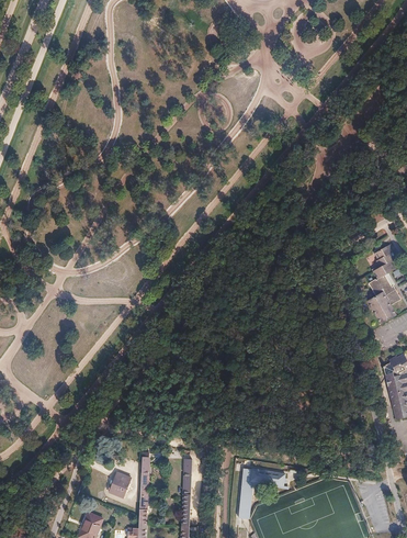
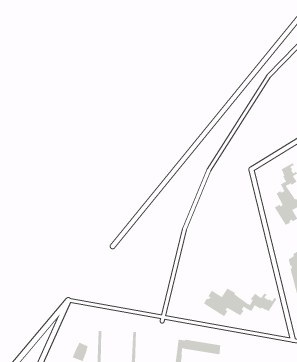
building: none -> [203,288,277,317]

